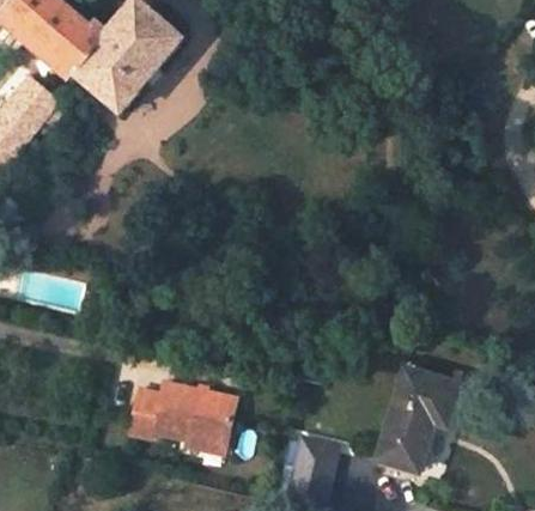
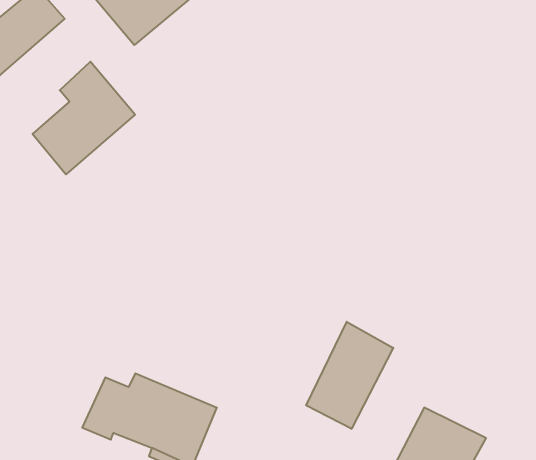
building: none -> [33,62,135,174]
building: none -> [306,322,393,429]

